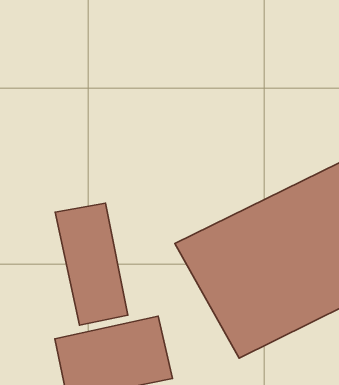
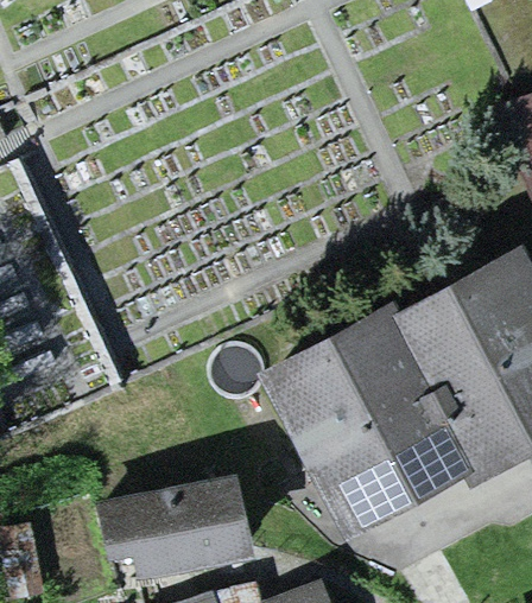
building: [55,203,128,325] -> none

